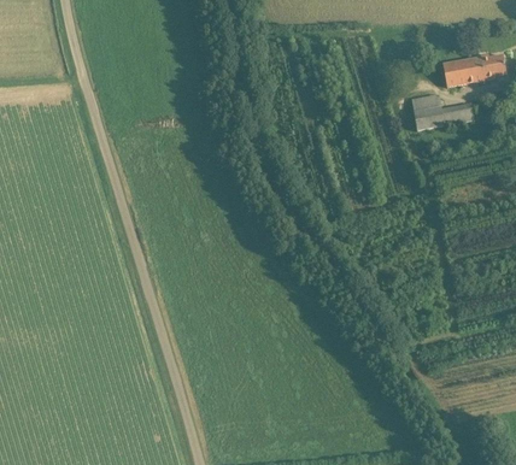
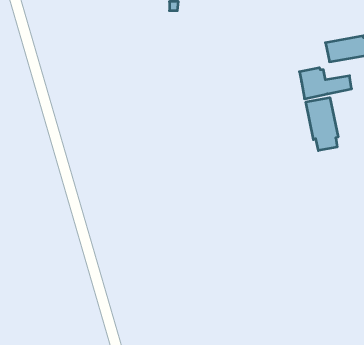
building: none -> [306,98,338,151]

